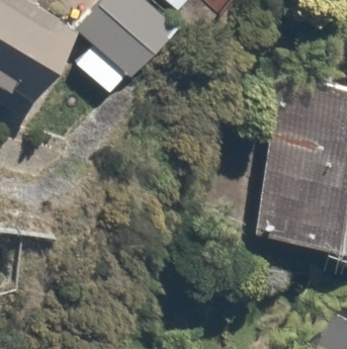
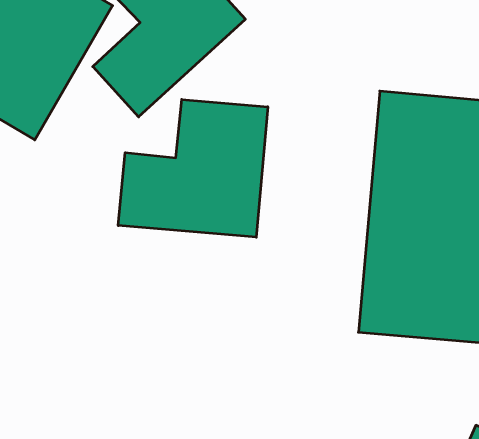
building: none -> [118,99,268,237]

